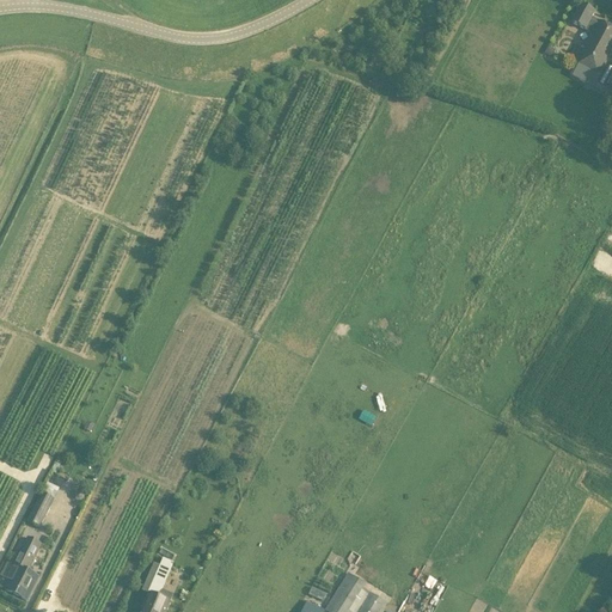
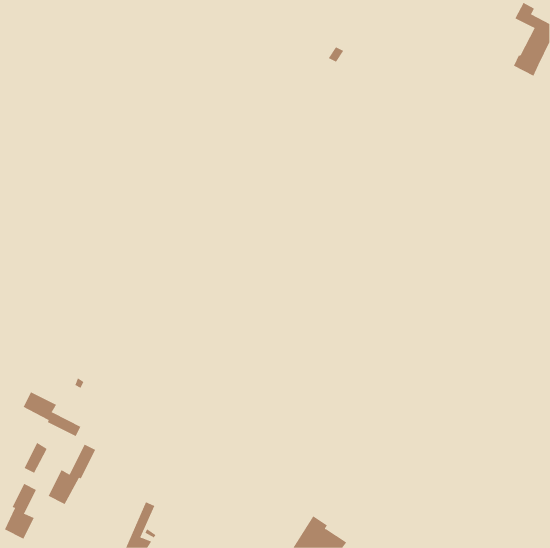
building: none -> [23,392,81,437]
building: none -> [48,444,96,505]

